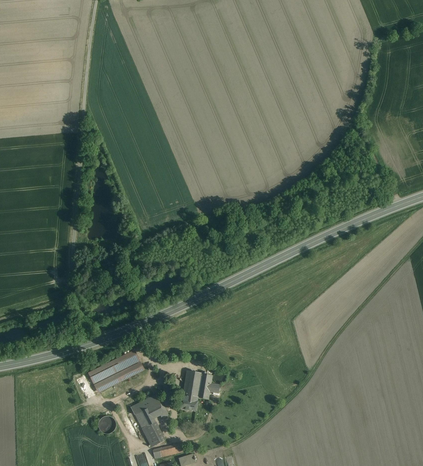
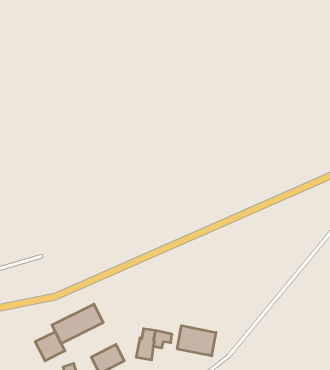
building: none -> [177,326,216,356]
building: none -> [35,332,65,361]

